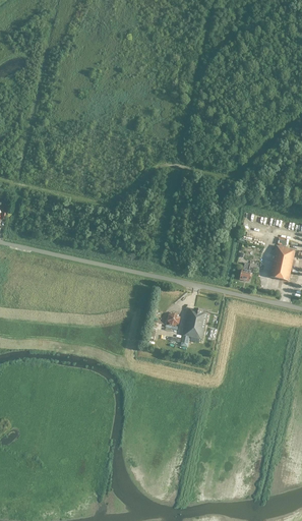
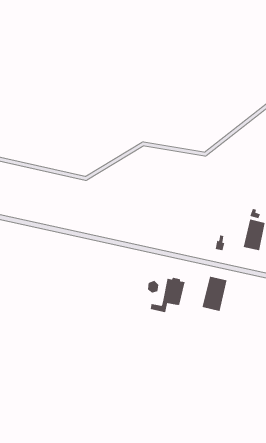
building: none -> [202,276,227,312]

